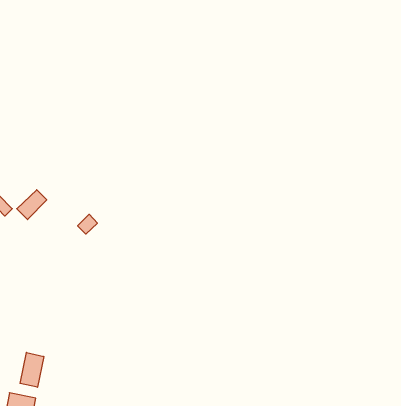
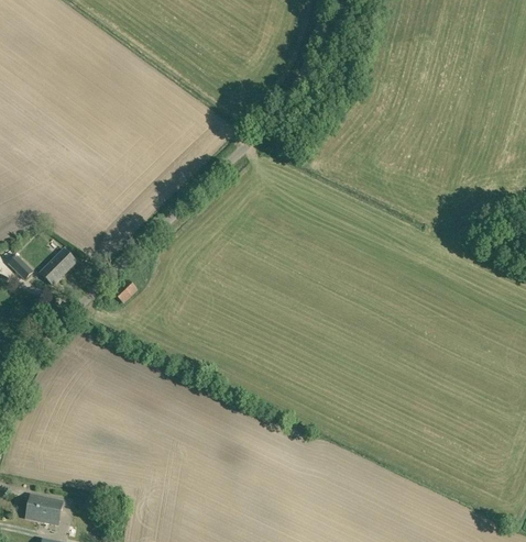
building: [20,352,44,387] -> none

